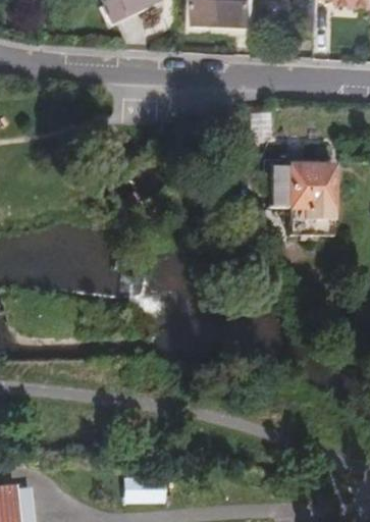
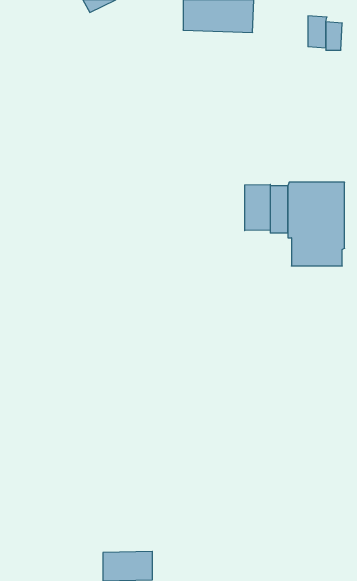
building: none -> [245,184,270,231]

